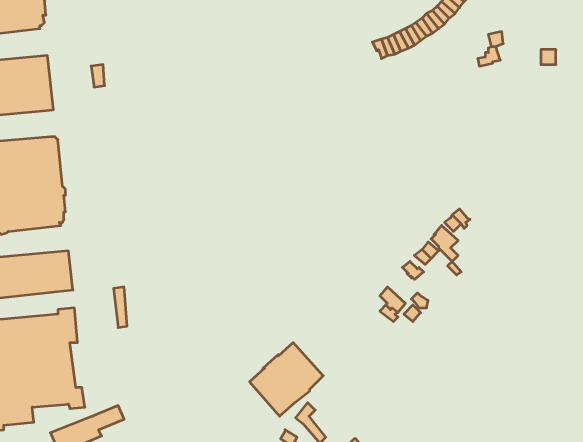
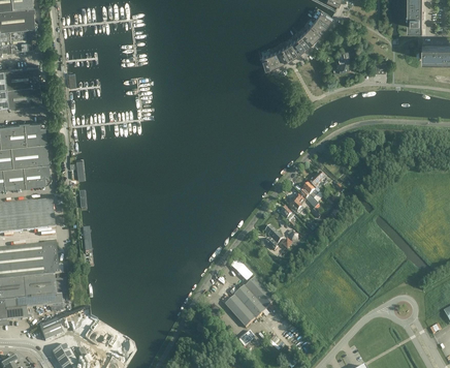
building: [250,343,323,416] -> [225,277,276,328]

